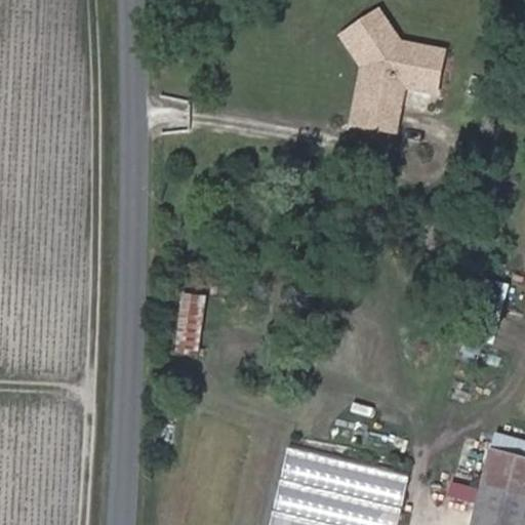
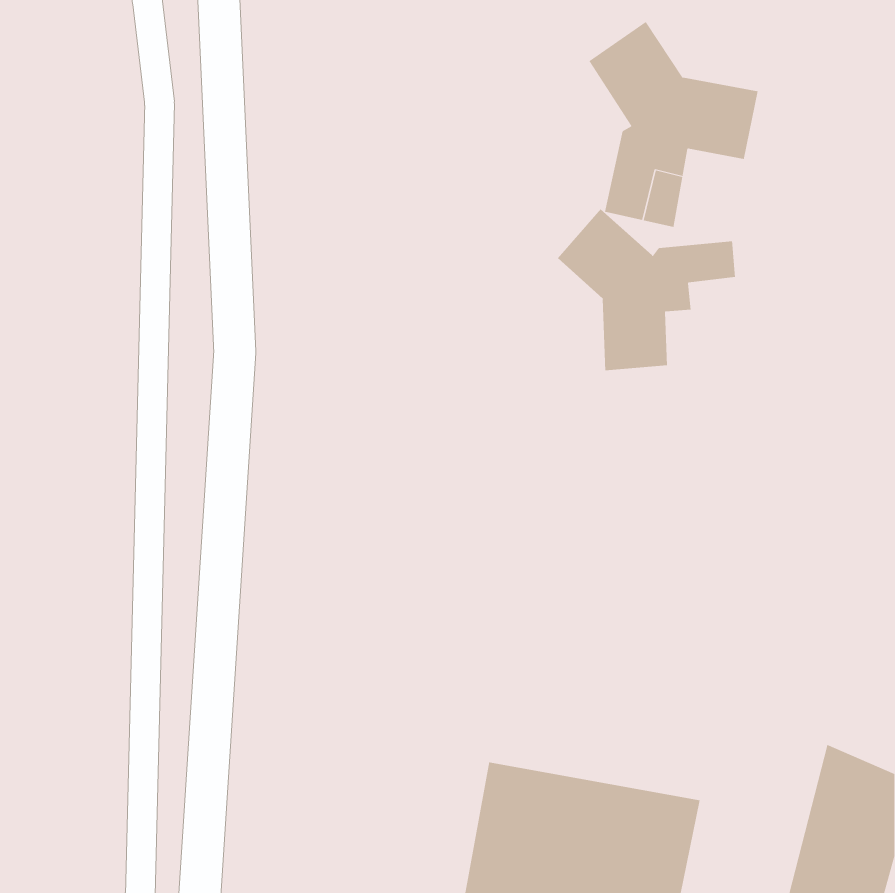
building: none -> [557,208,735,371]
building: [177,292,205,351] -> none

